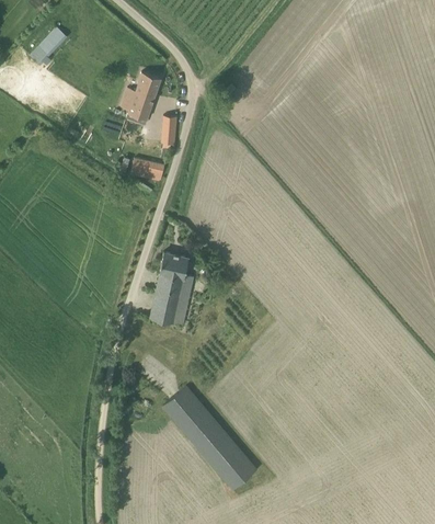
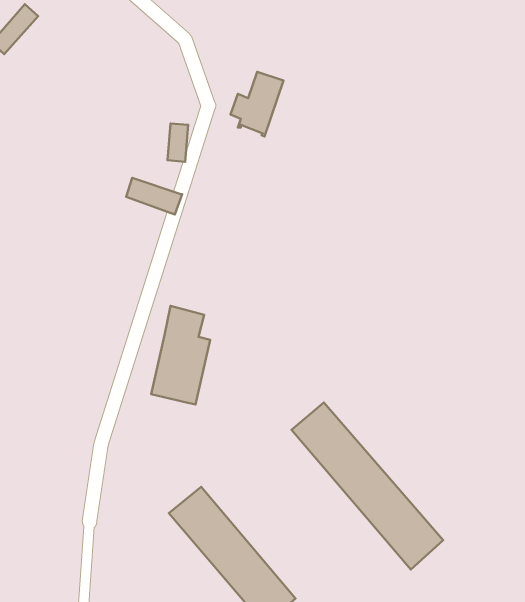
building: [122,72,161,121] -> [231,72,283,136]
building: none -> [292,402,443,569]

